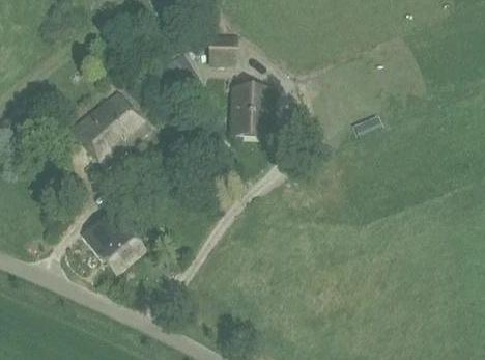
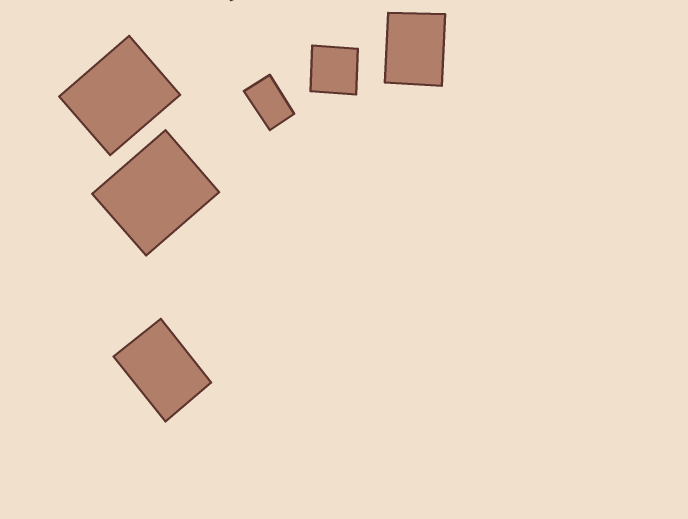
building: none -> [59,36,180,155]
building: [230,86,268,133] -> [385,13,445,86]

